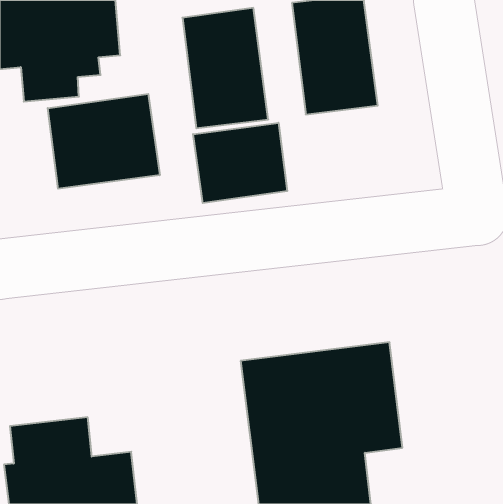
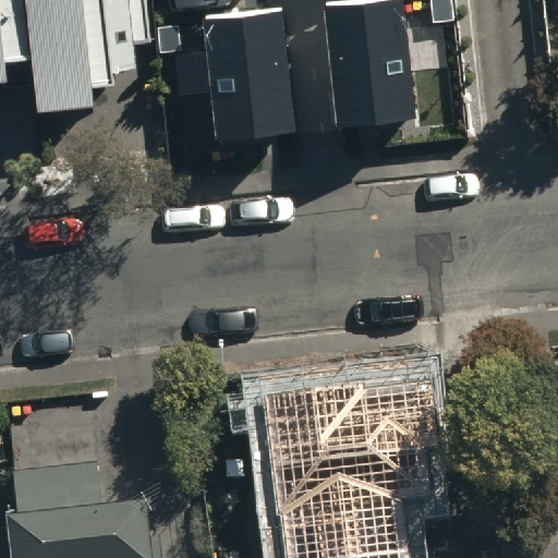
building: [48,94,160,189] -> none
building: [193,123,287,203] -> none

